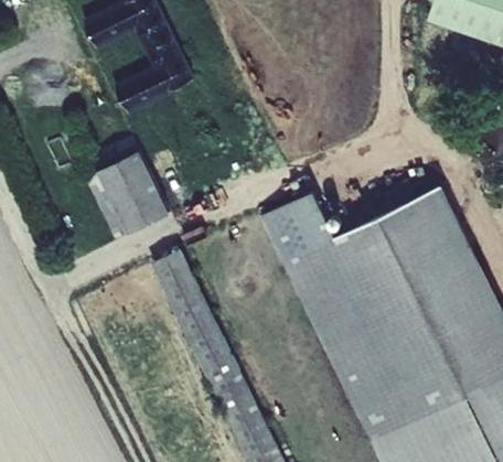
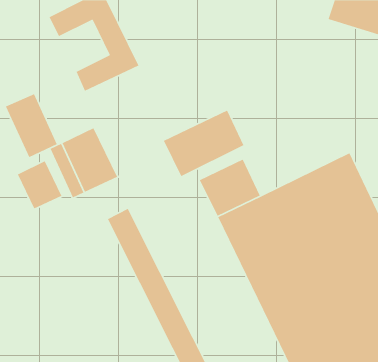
building: none -> [5,93,58,158]
building: none -> [163,109,245,177]
building: none -> [17,160,63,209]

